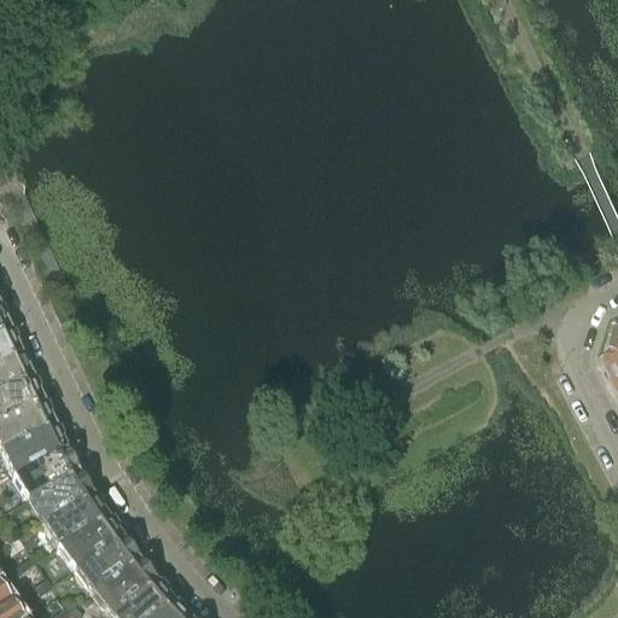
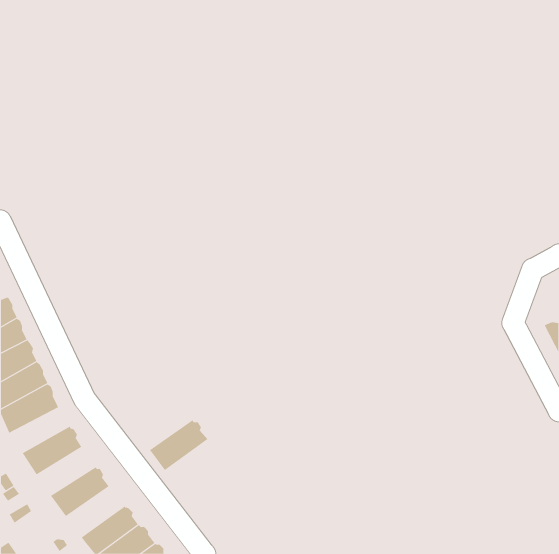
building: [10,449,77,500] -> none
building: [40,492,106,547] -> none
building: [72,536,138,593] -> [149,420,208,471]

